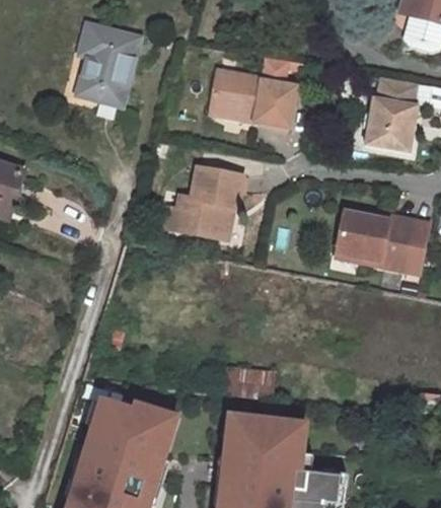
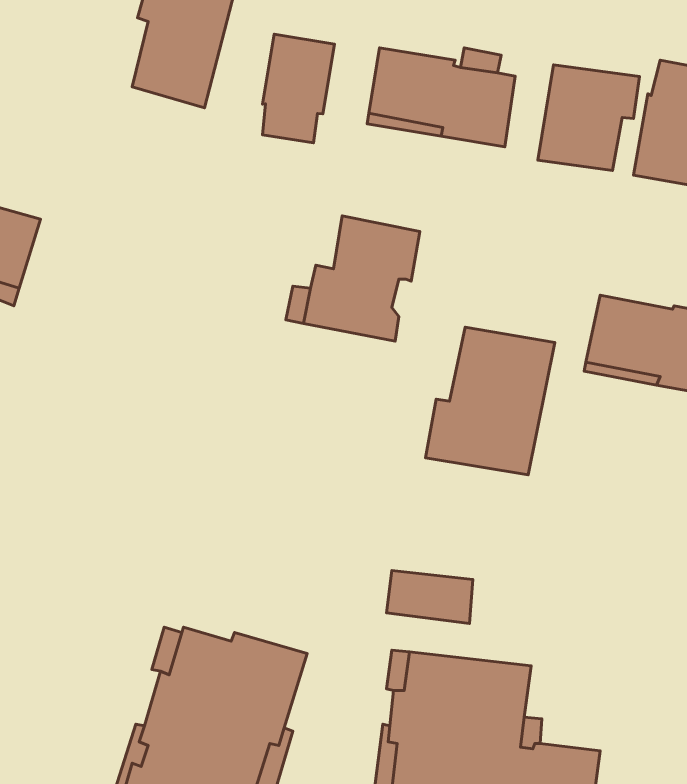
building: none -> [262,34,335,143]
building: none -> [538,65,639,171]
building: none -> [425,327,555,475]

